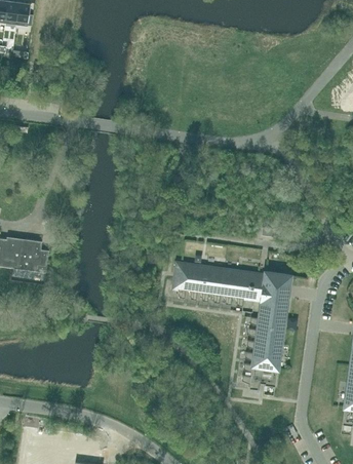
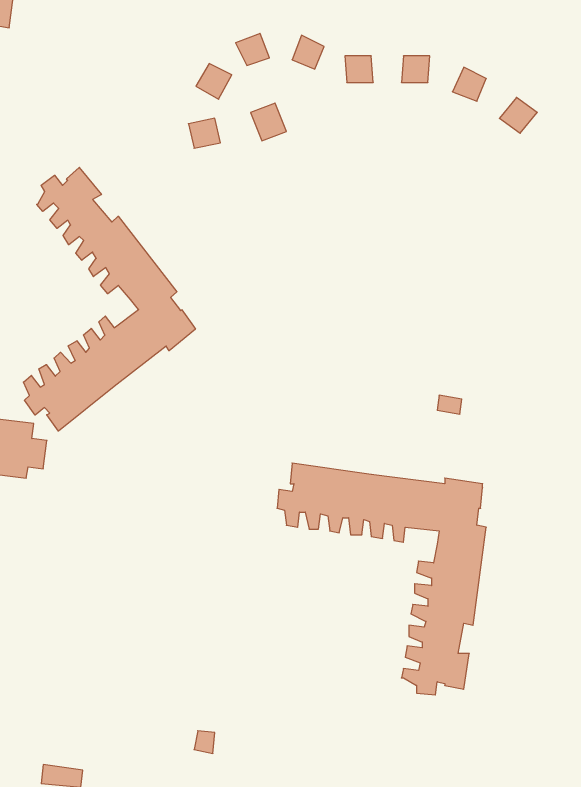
building: none -> [23,167,195,431]

